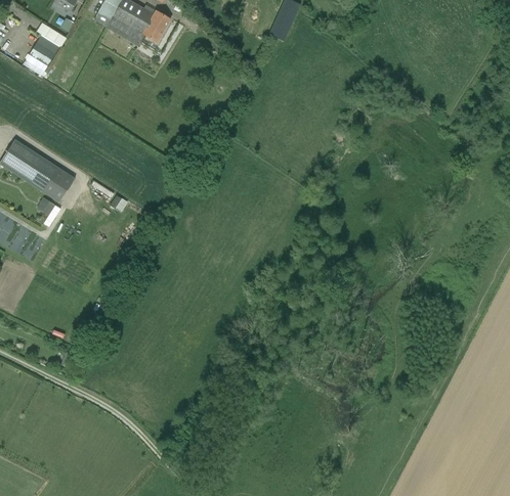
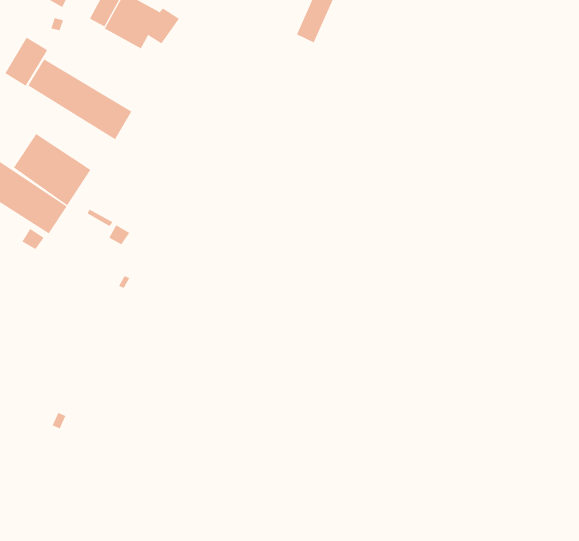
building: none -> [28,58,132,140]
building: none -> [13,133,91,206]

